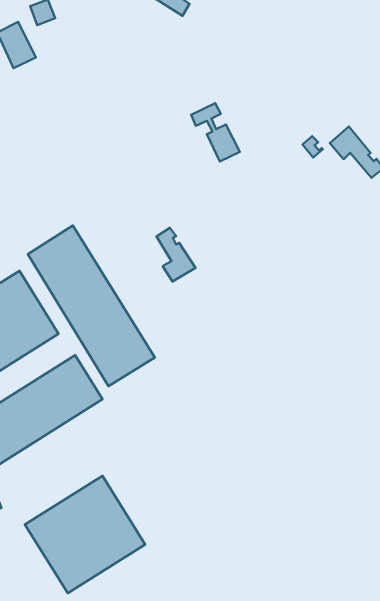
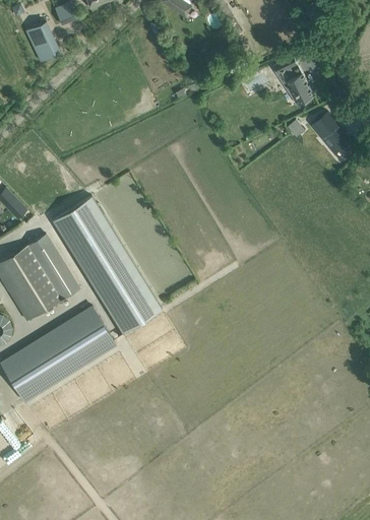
building: [191,103,240,161] -> [273,55,315,105]
building: [156,228,195,282] -> none
building: [25,476,145,593] -> none

